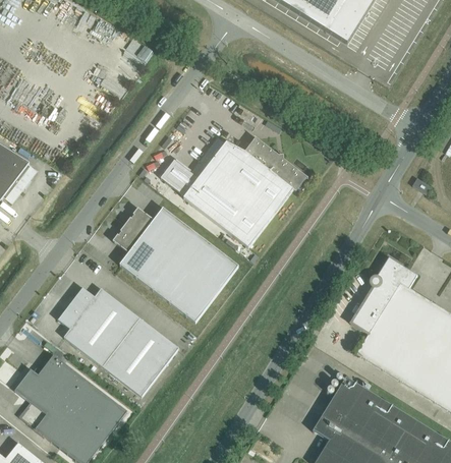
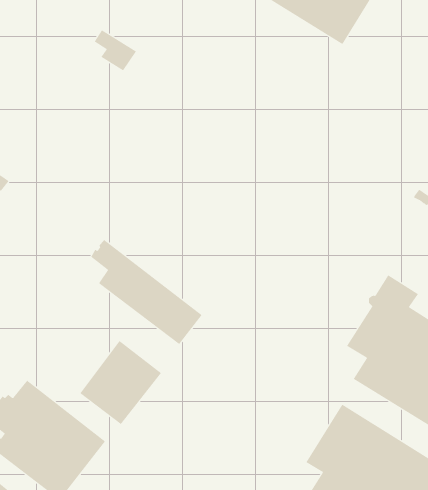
building: [161,136,307,247] -> none
building: [125,207,238,294] -> none
building: [58,287,139,366] -> none

